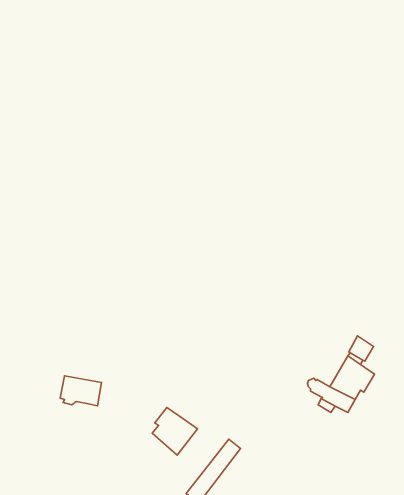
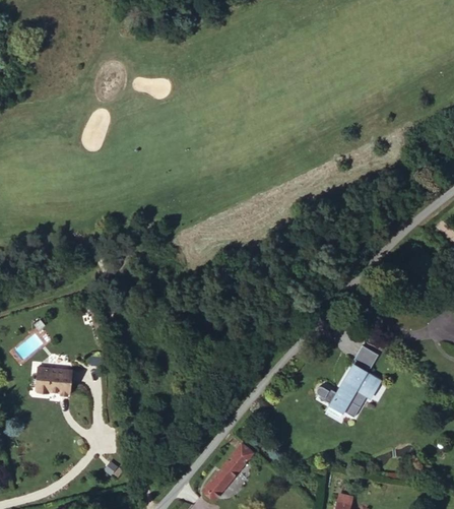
building: [60,376,102,406] -> [35,368,74,396]
building: [152,407,198,455] -> none

